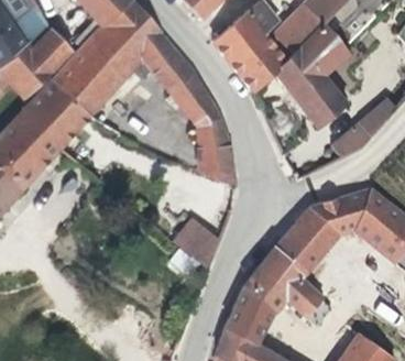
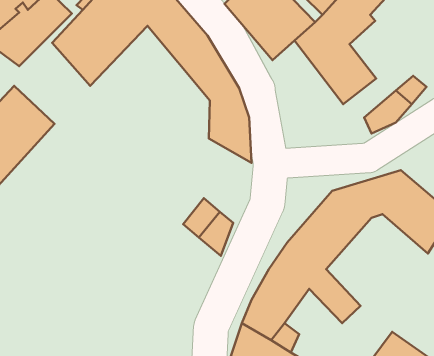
building: [22,76,90,149] -> none

